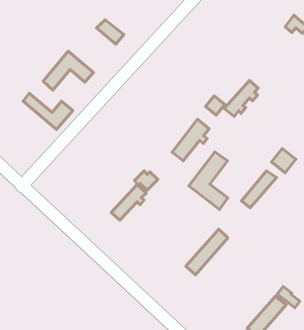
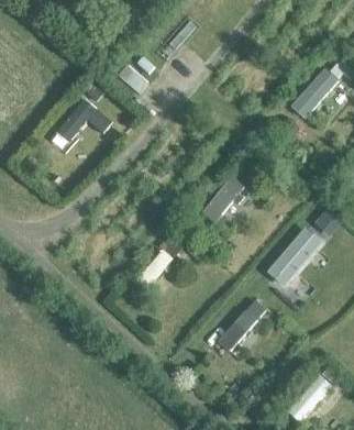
building: [224,80,258,116] -> [297,74,335,114]
building: [23,93,73,130] -> none
building: [189,152,228,209] -> none

